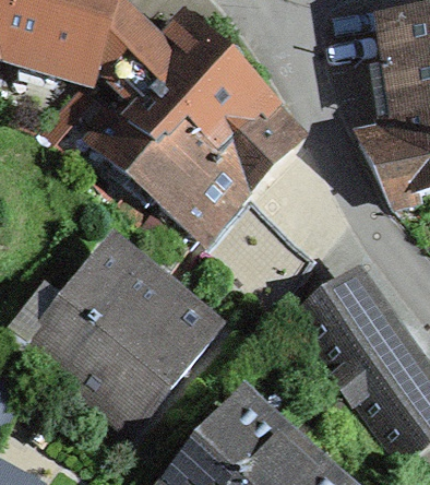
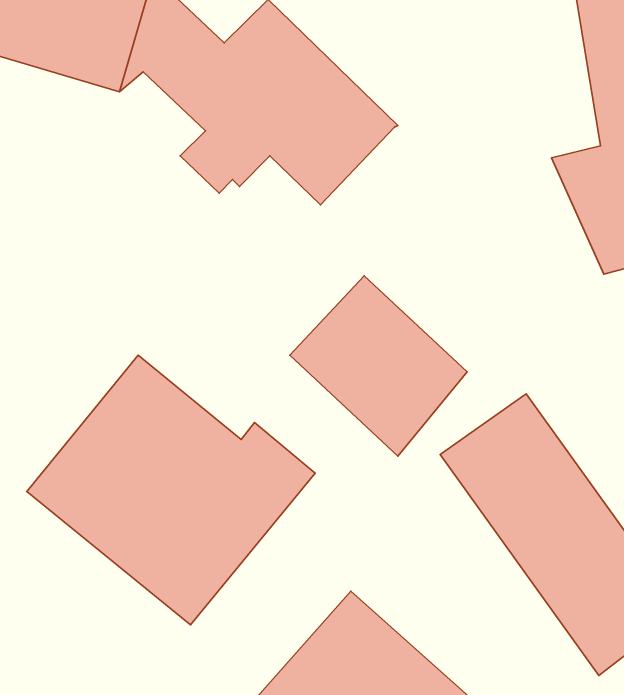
building: [67,83,299,230] -> none

